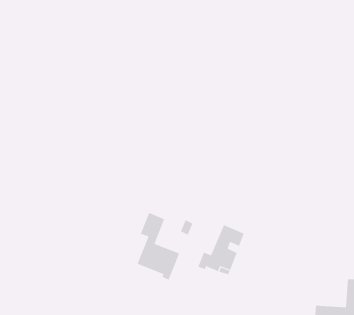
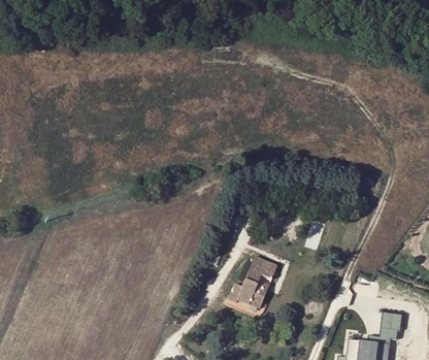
building: [137,212,180,281] -> none

